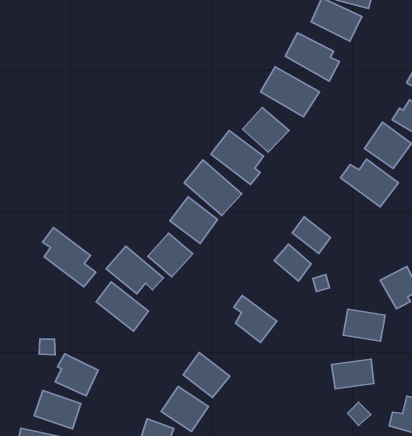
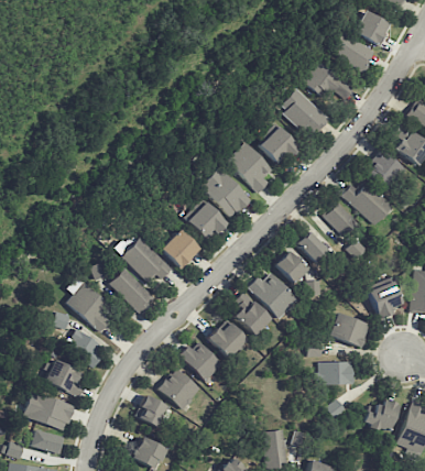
building: none -> [324,201,358,237]
building: [43,228,96,287] -> [67,276,112,332]
building: none -> [248,273,298,318]
building: none -> [208,320,247,358]

